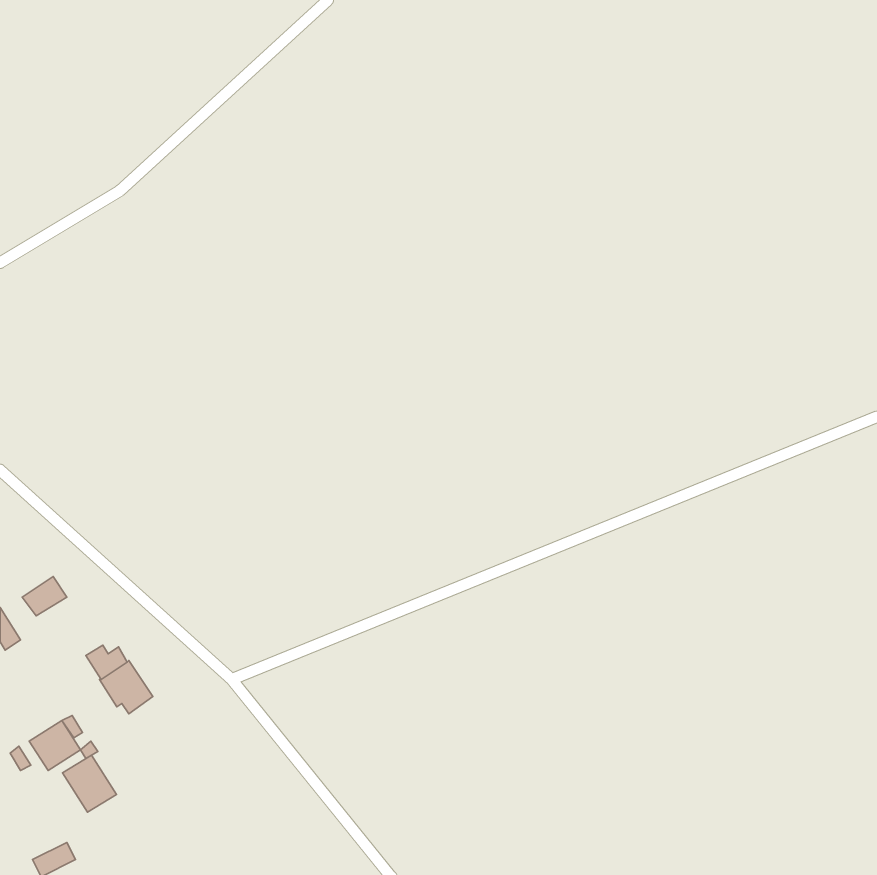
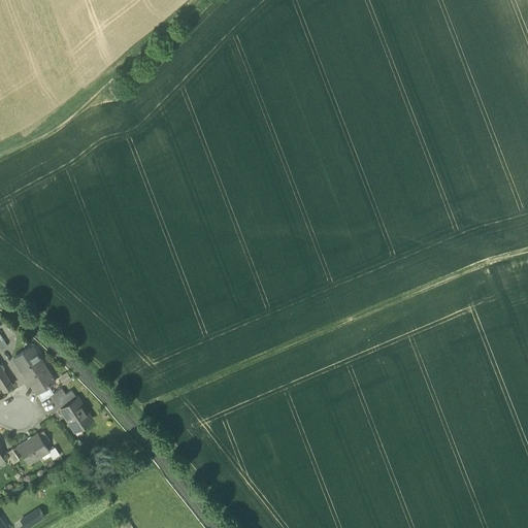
building: none -> [22,360,55,394]
building: [63,755,116,812] -> none

